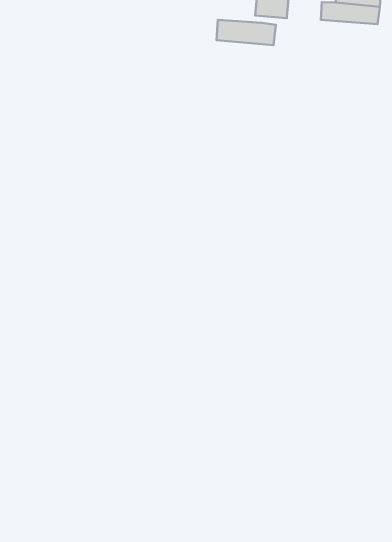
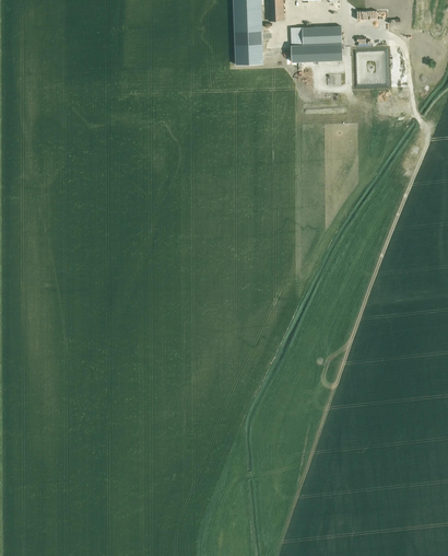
building: [217,20,276,45] -> none

